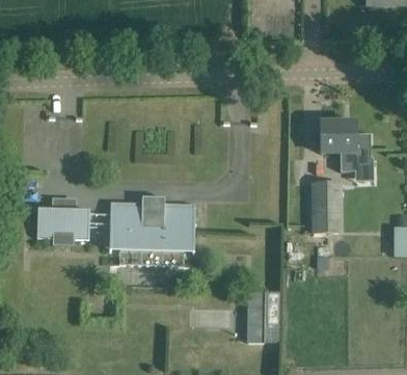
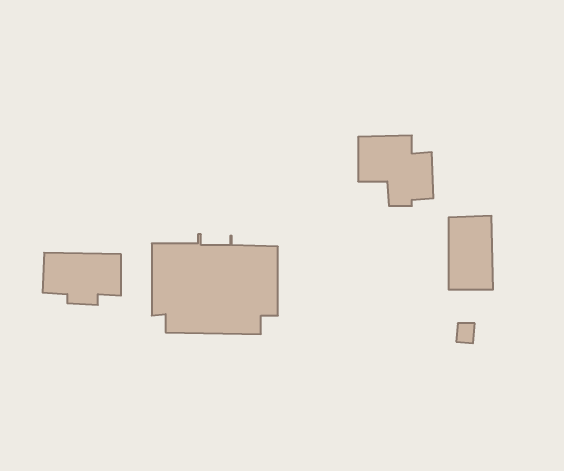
building: [321,120,372,168] -> [358,135,433,206]
building: [247,291,265,342] -> none

